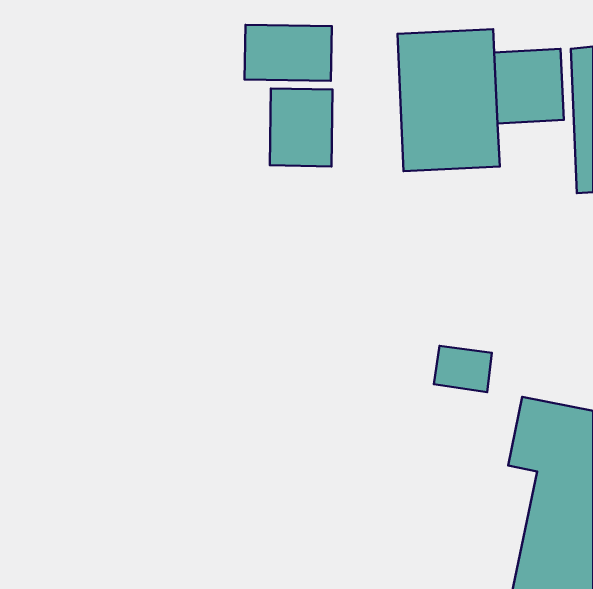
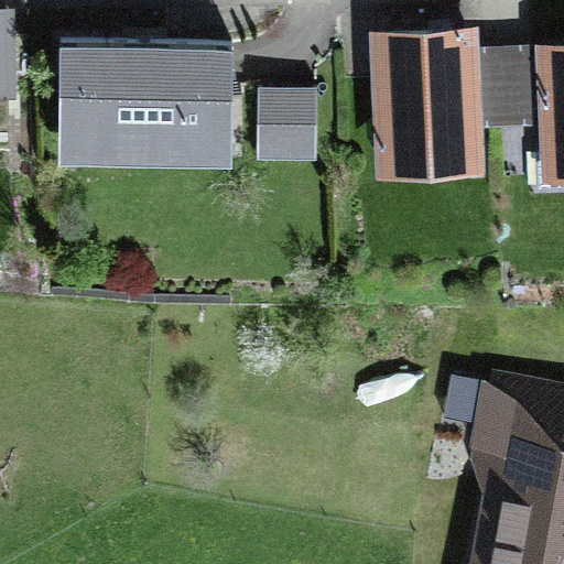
building: [244,25,332,81] -> none
building: none -> [59,44,229,160]

